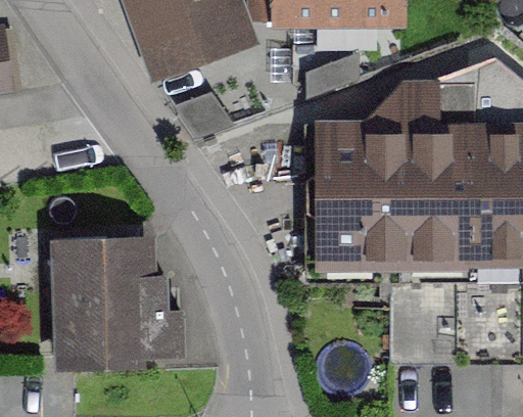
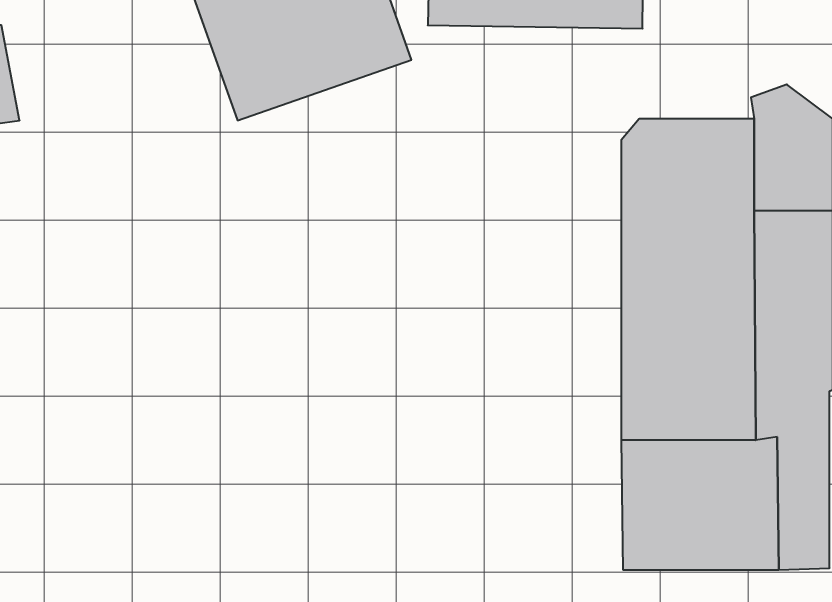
building: [314,95,389,273] -> none
building: [61,228,171,368] -> none

